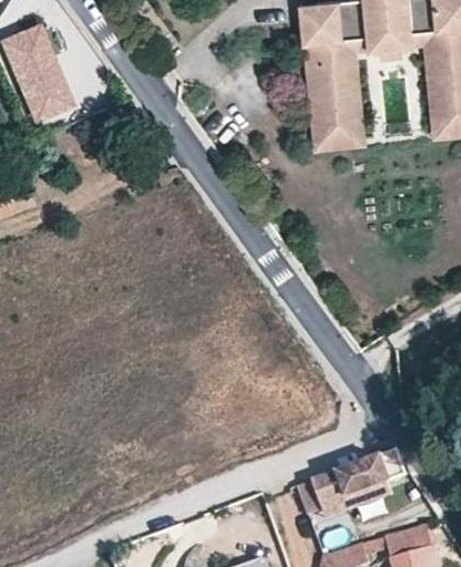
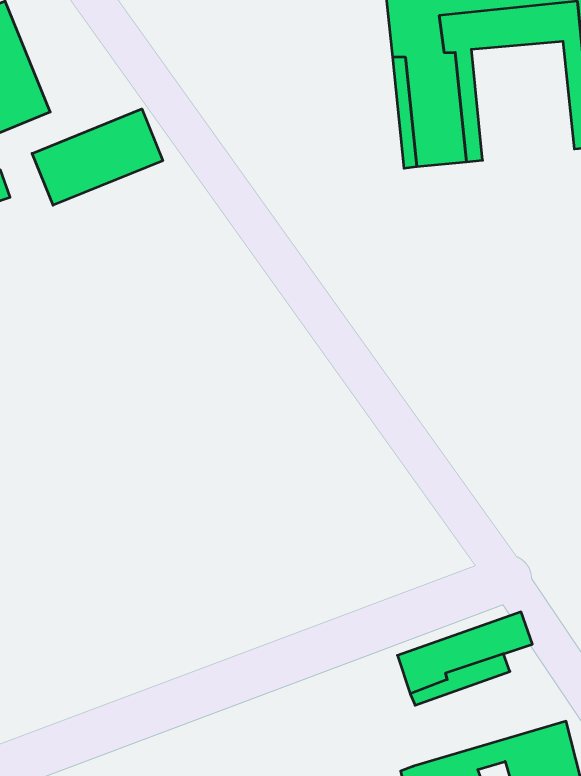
building: none -> [32,109,163,205]

